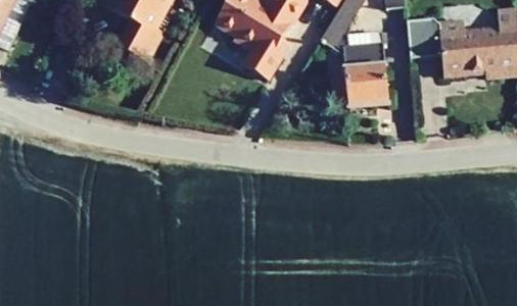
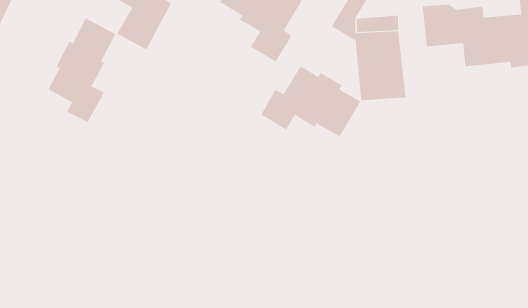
building: none -> [48,17,116,123]
building: none -> [261,66,361,137]

